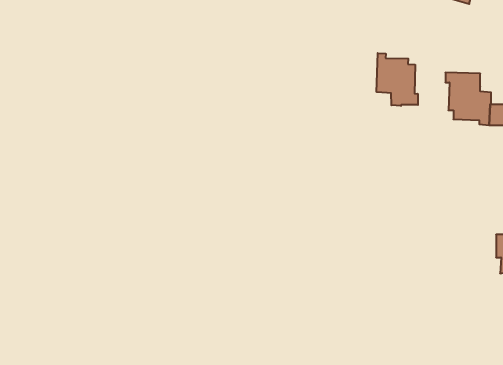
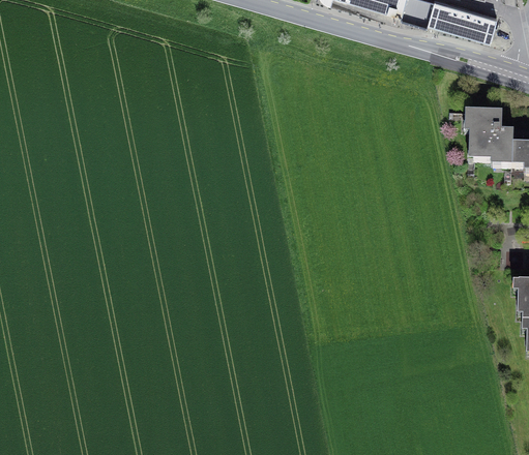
building: [377,53,418,106] -> none

